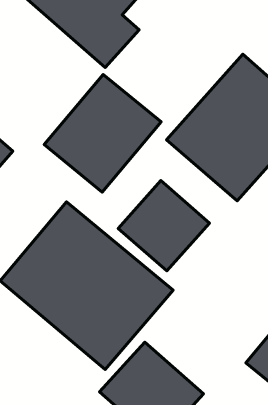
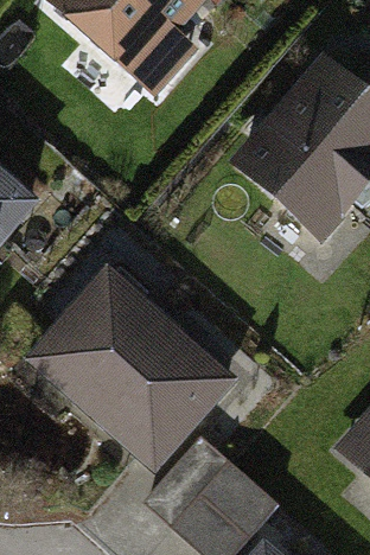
building: [44,74,161,192] -> none
building: [118,180,210,271] -> none

